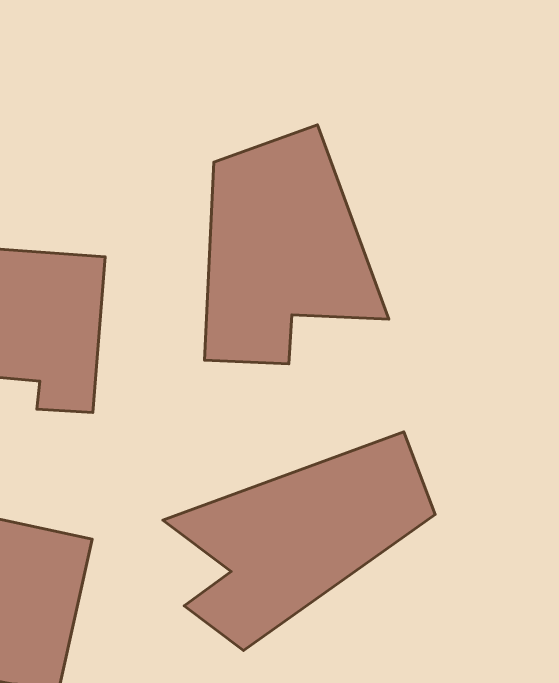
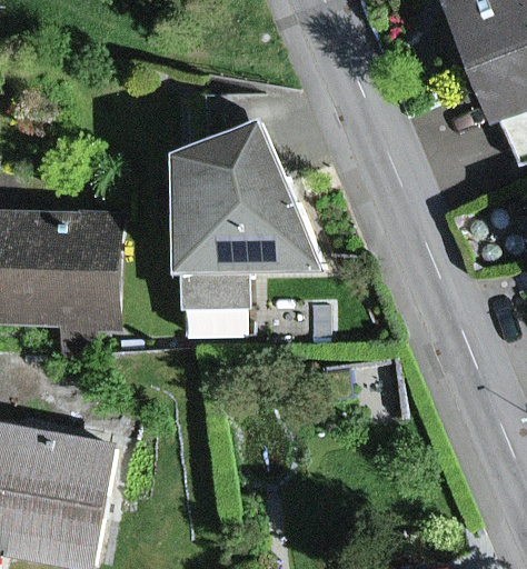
building: [163,432,435,650] -> none

